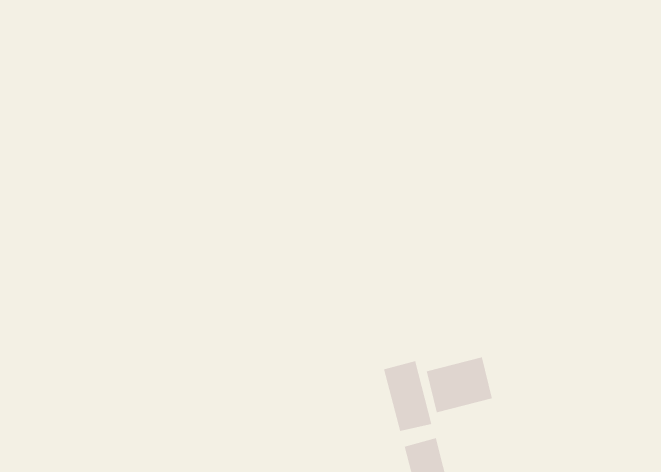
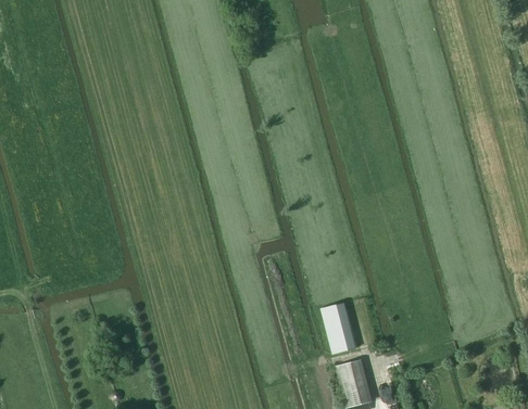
building: [426,357,492,413] -> none

